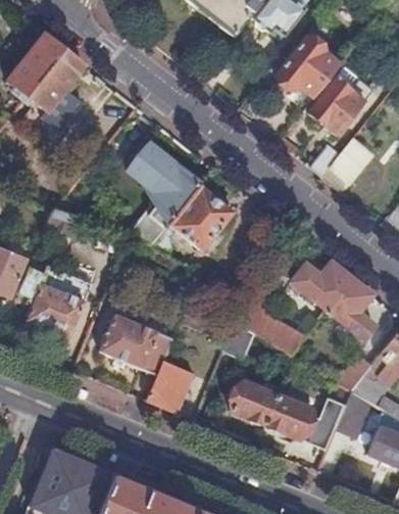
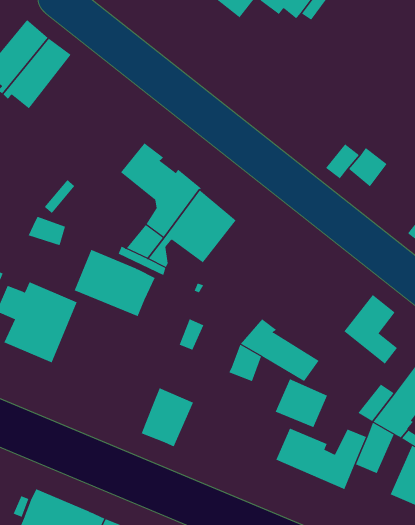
building: [277,35,341,95] -> none
building: [310,64,375,133] -> none
building: [292,261,352,310] -> none
building: [100,315,172,375] -> [74,249,156,317]
building: [232,380,279,424] -> [275,378,328,428]

